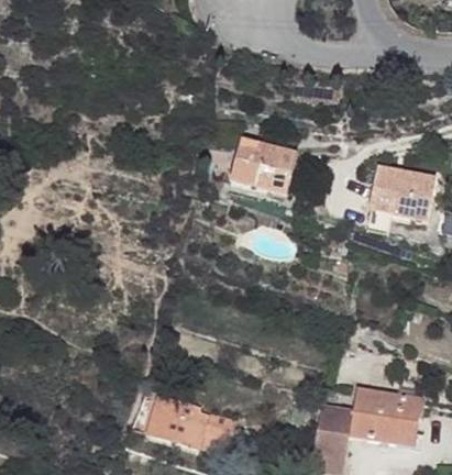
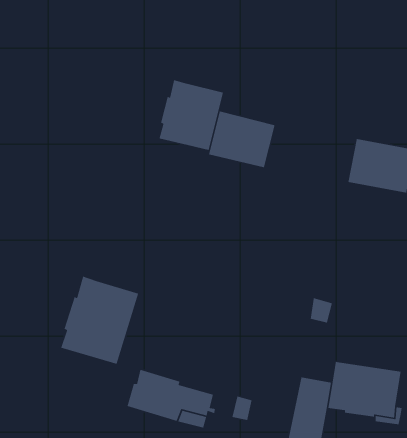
building: none -> [158,79,224,151]
building: none -> [60,275,139,365]

